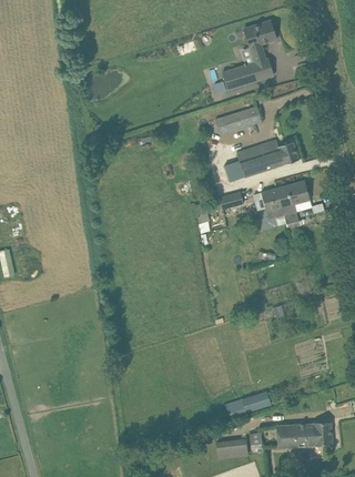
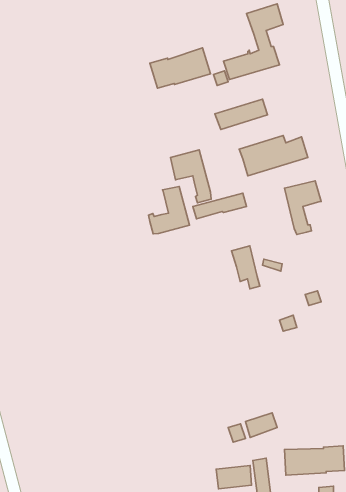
building: none -> [150,48,211,88]
building: none -> [170,150,211,203]
building: none -> [148,187,190,234]
building: [260,187,285,226] -> [232,246,260,289]

